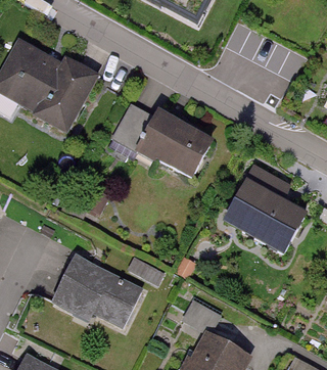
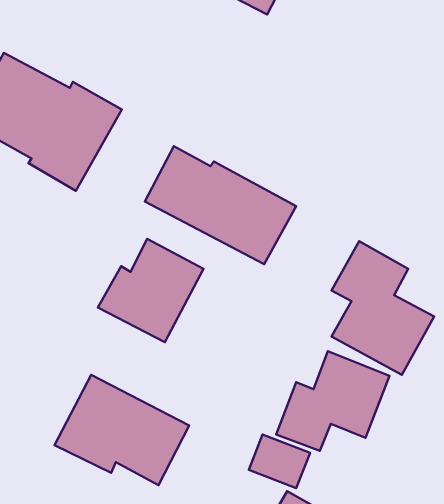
building: none -> [98,239,203,342]
building: none -> [276,351,389,451]

